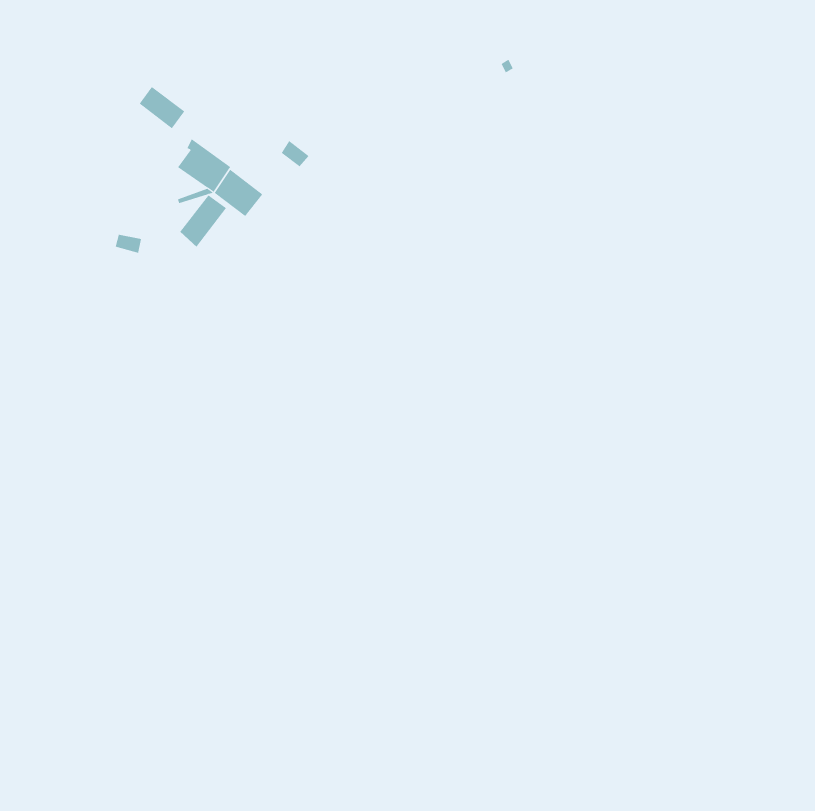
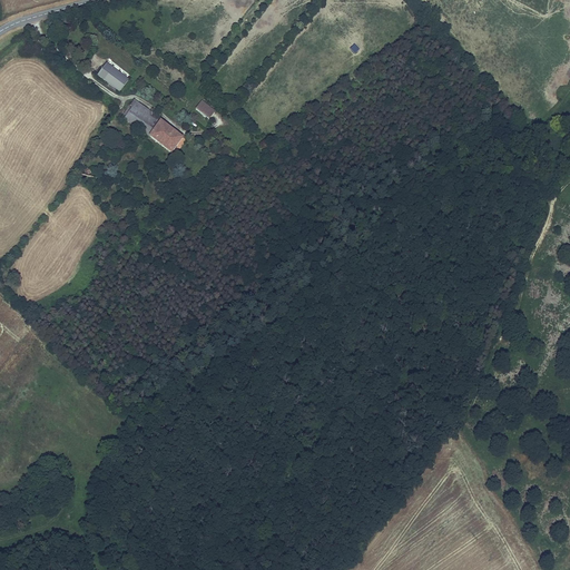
building: [180,194,227,247] -> none

